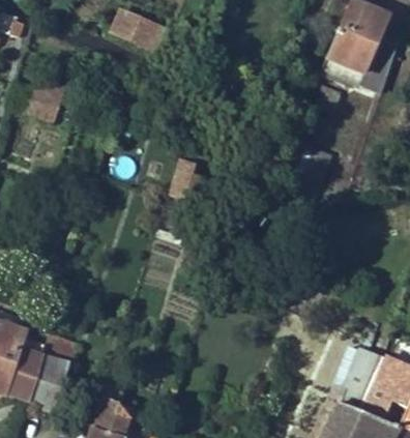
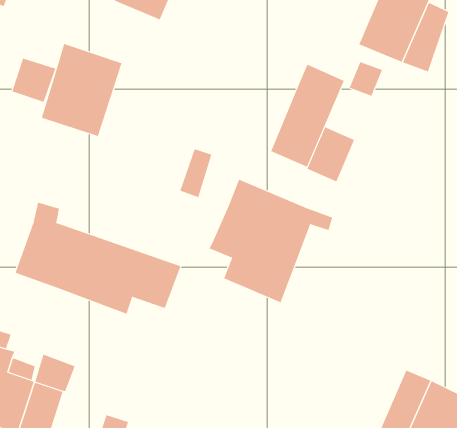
building: none -> [41,43,122,137]
building: none -> [271,64,344,167]
building: none -> [209,179,333,303]
building: none -> [15,202,181,315]

